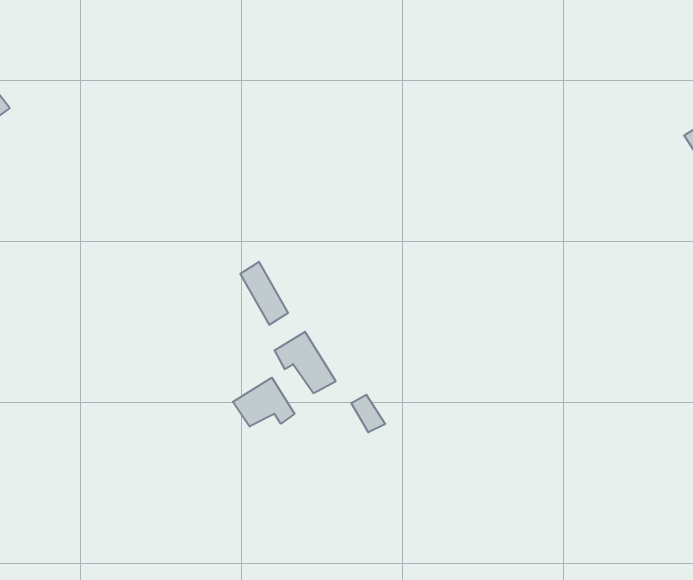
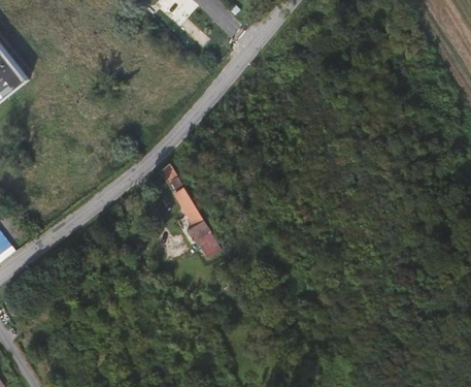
building: [233,378,295,427] -> none

